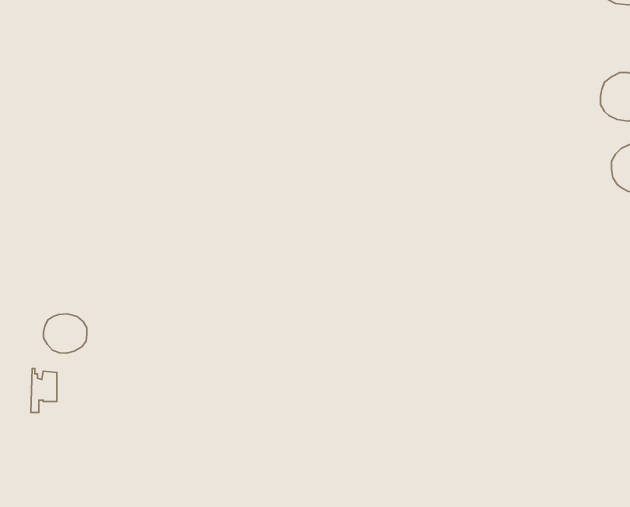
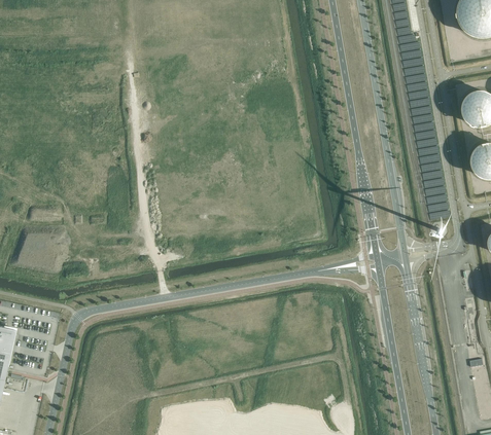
building: [43,314,87,353] -> none

